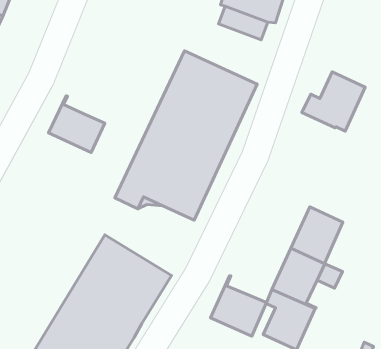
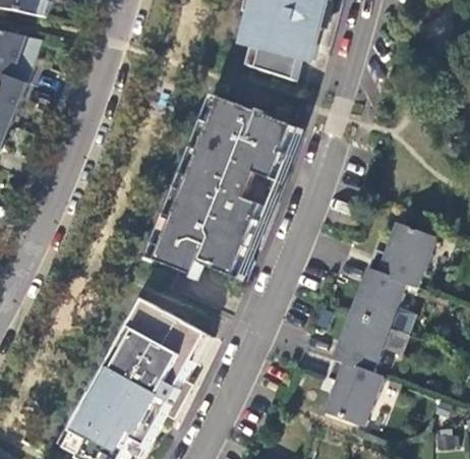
building: [302,72,365,131] -> [362,213,428,276]
building: [48,96,105,152] -> none
building: [210,276,267,336] -> none

